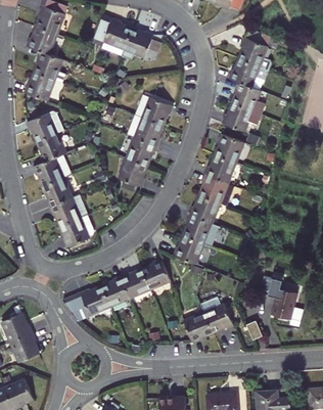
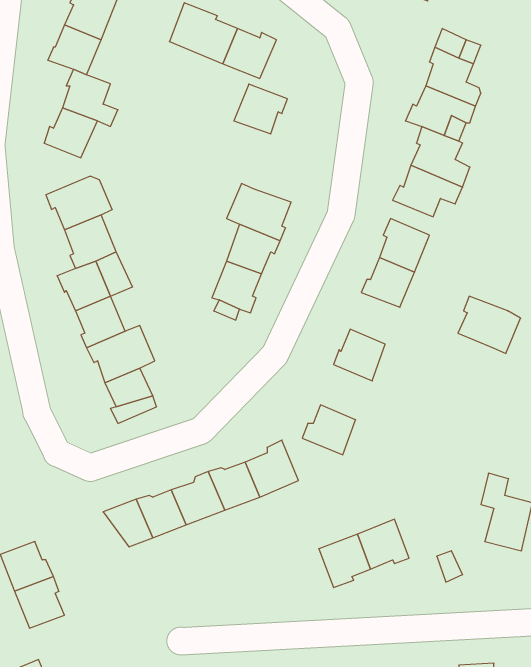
building: [143,99,173,127] -> [234,84,287,134]
building: [196,177,231,209] -> [458,296,521,353]
building: [180,217,218,252] -> none

